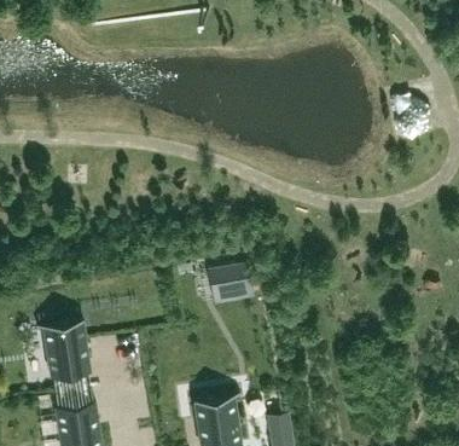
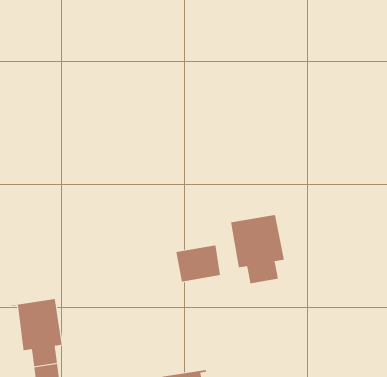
building: none -> [230,213,285,284]

